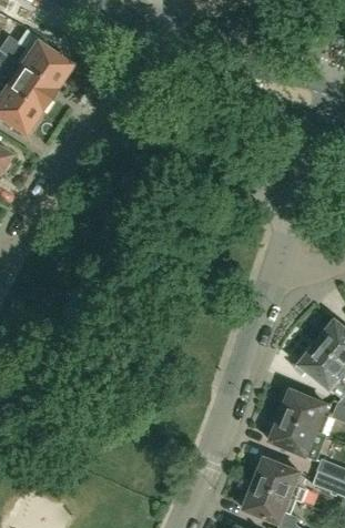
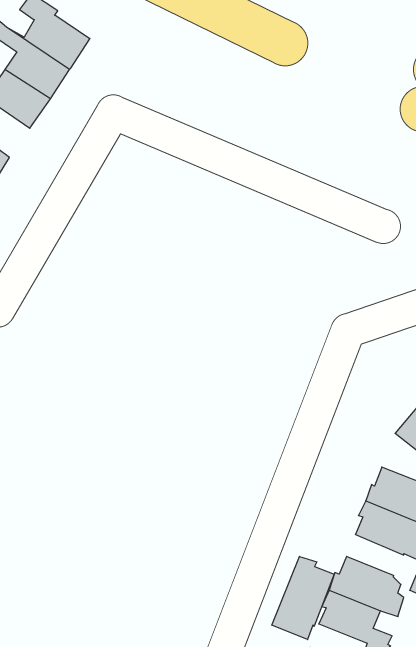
building: none -> [272,556,334,640]

